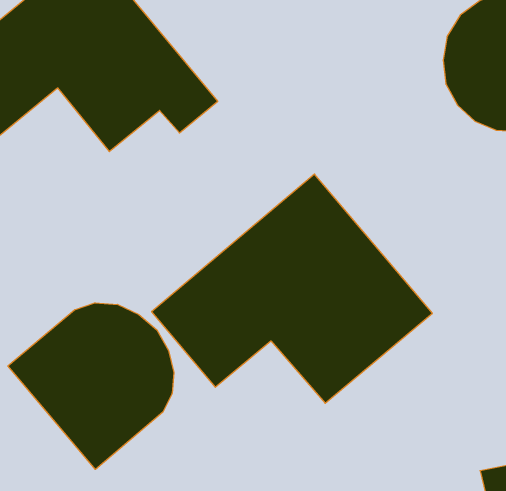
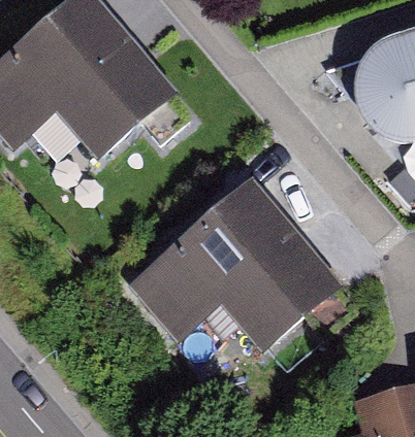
building: [8,303,174,469] -> none

